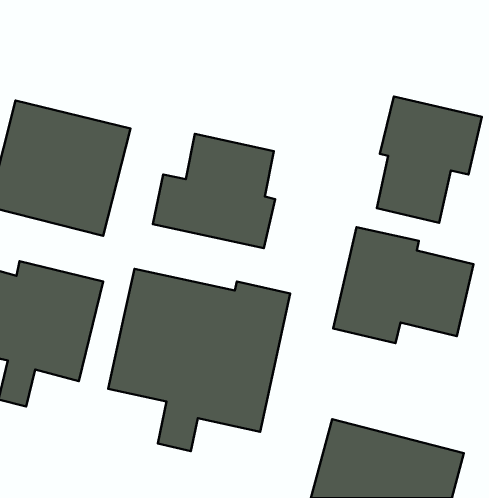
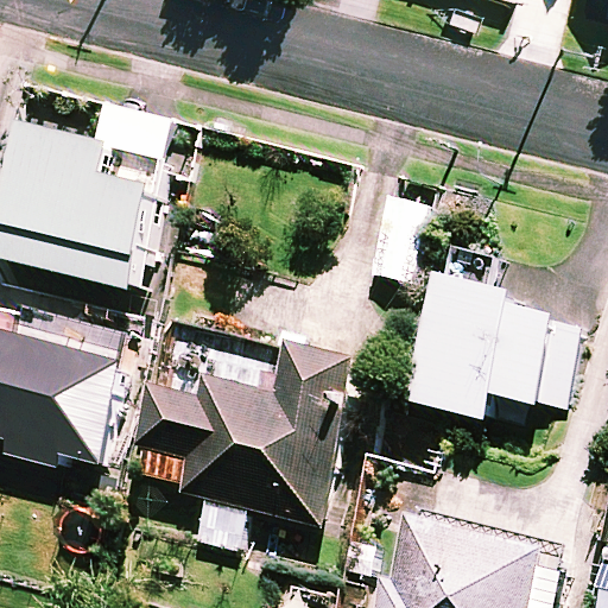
building: [377,97,482,223] -> none
building: [153,134,275,248] -> none

